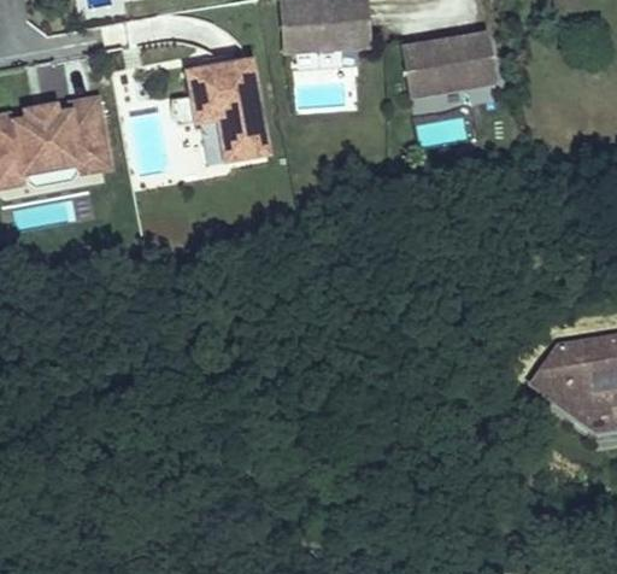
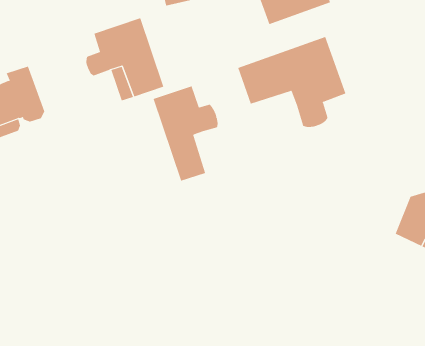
building: none -> [238,36,346,128]
building: none -> [153,85,218,182]

